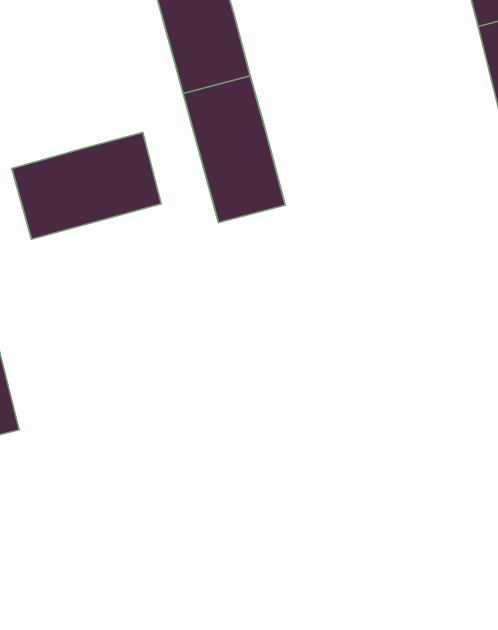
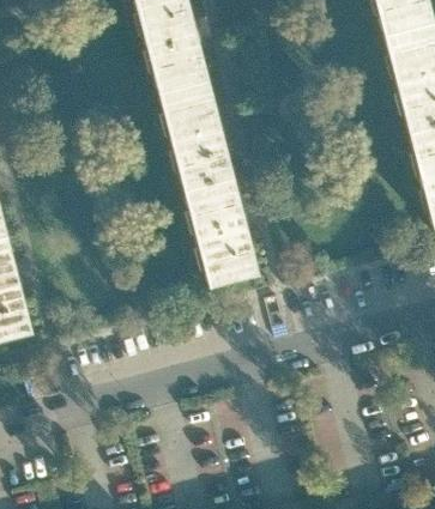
building: [12,133,161,239] -> none
building: none -> [183,171,260,283]

